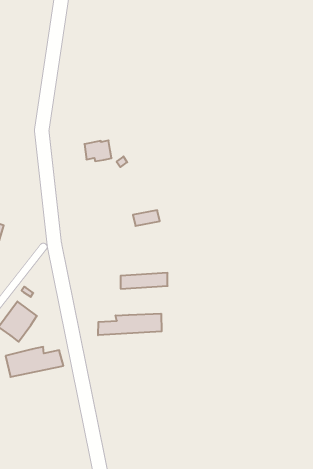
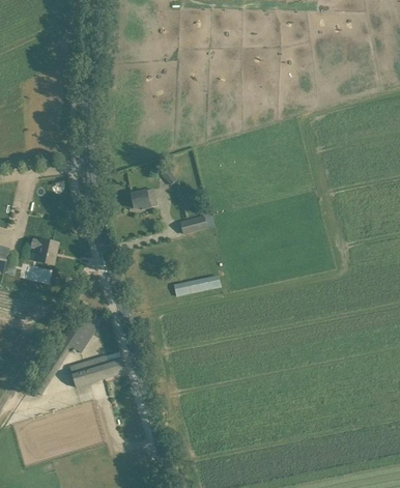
building: [84,140,112,161] -> [131,189,158,209]
building: [98,314,162,335] -> none

